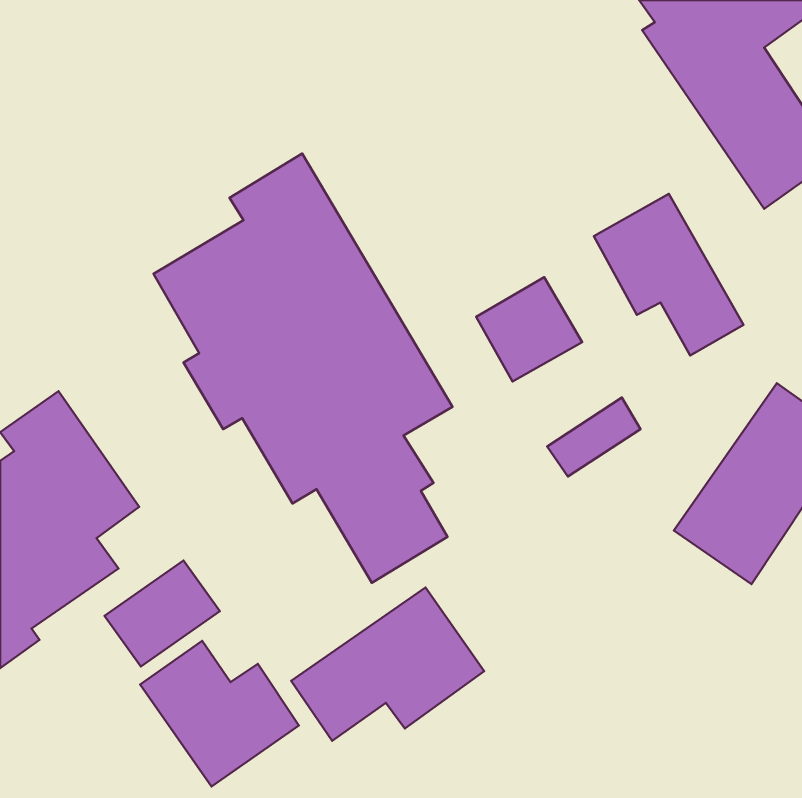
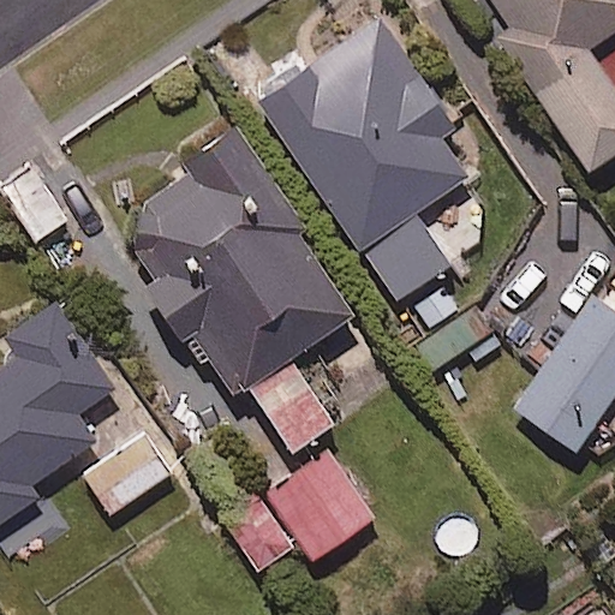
building: none -> [257,18,465,246]
building: [594,194,743,355] -> none
building: [140,641,299,786] -> none

